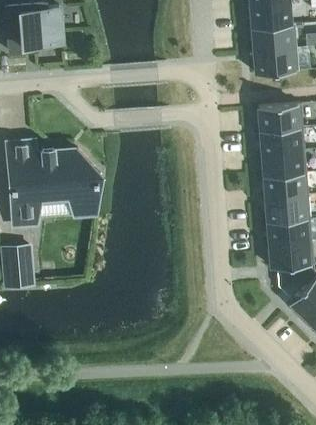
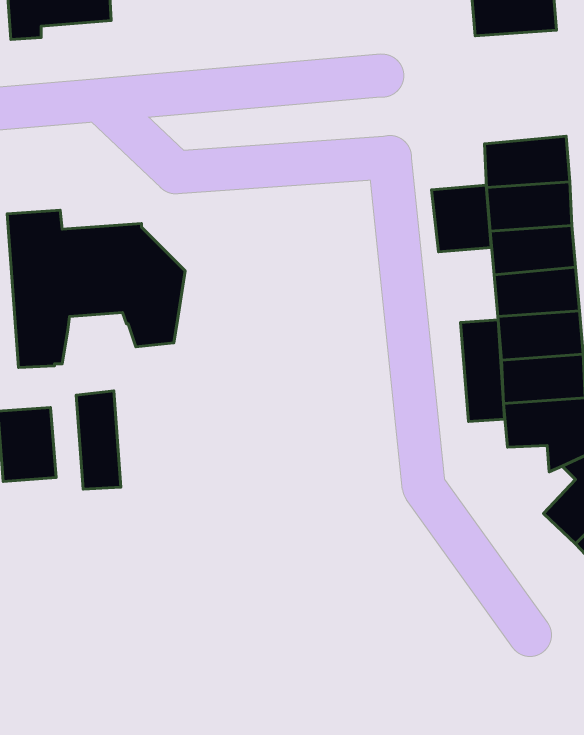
building: [253,47,298,74] -> none
building: none -> [431,185,491,252]
building: none -> [461,320,505,422]
building: none -> [76,391,121,489]

